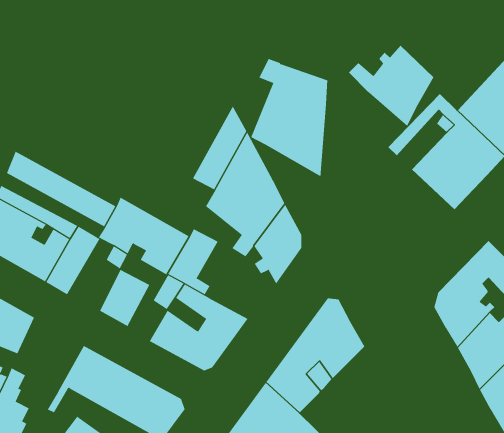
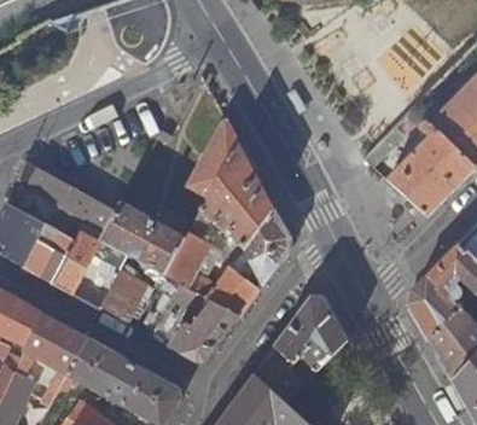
building: [348,45,434,127] -> none
building: [251,58,328,177] -> none
building: none -> [205,267,260,315]
building: none -> [24,313,87,382]

